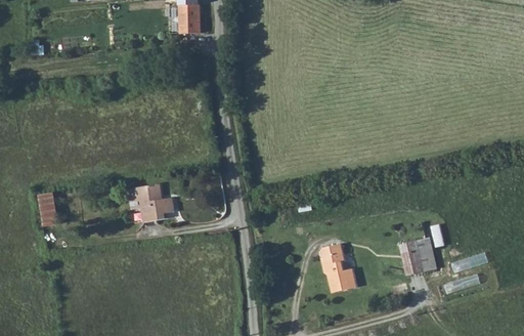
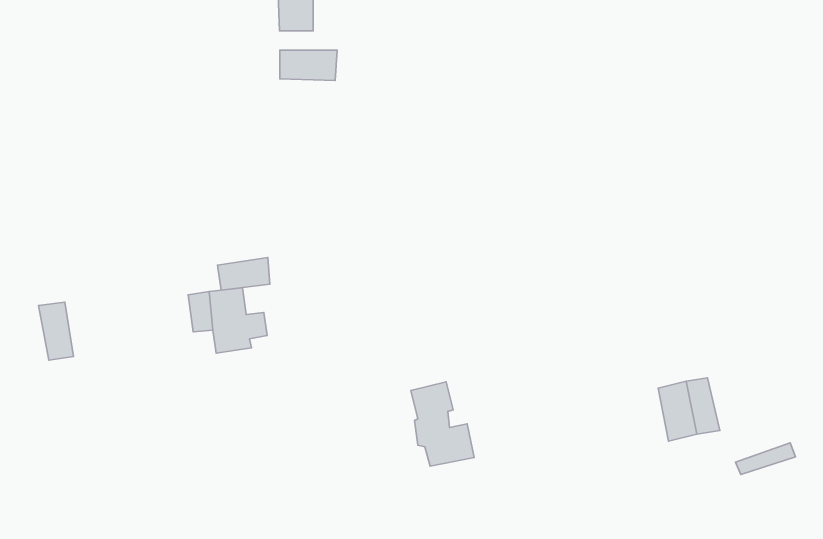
building: none -> [280,50,337,80]
building: none -> [217,257,270,290]
building: [320,240,357,289] -> [411,382,474,466]

